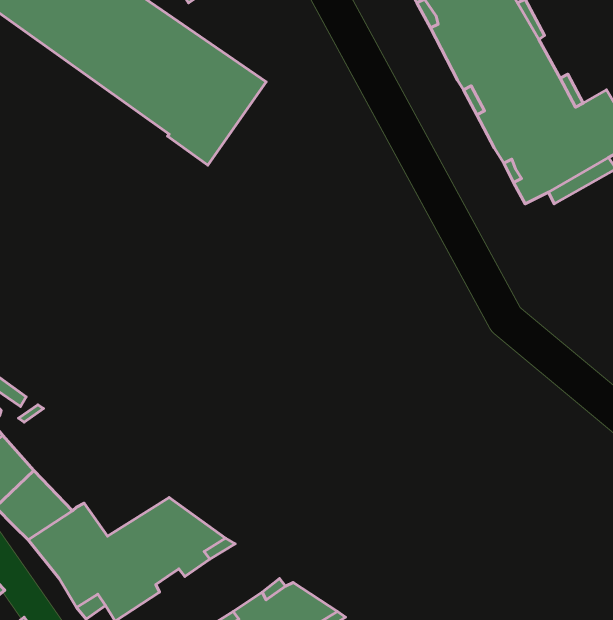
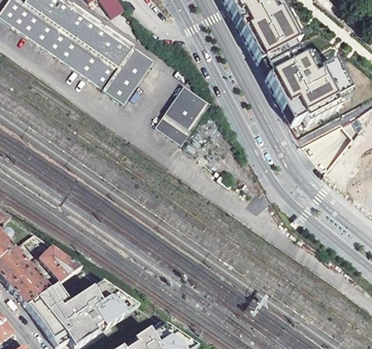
building: none -> [154,85,208,144]
building: none -> [35,246,80,280]

